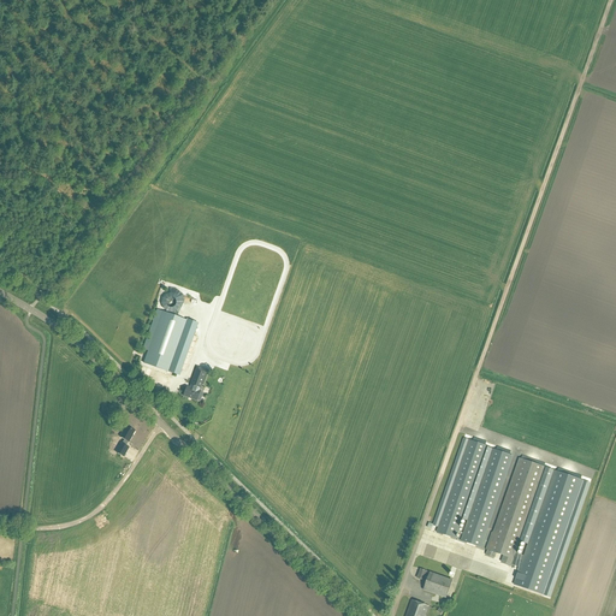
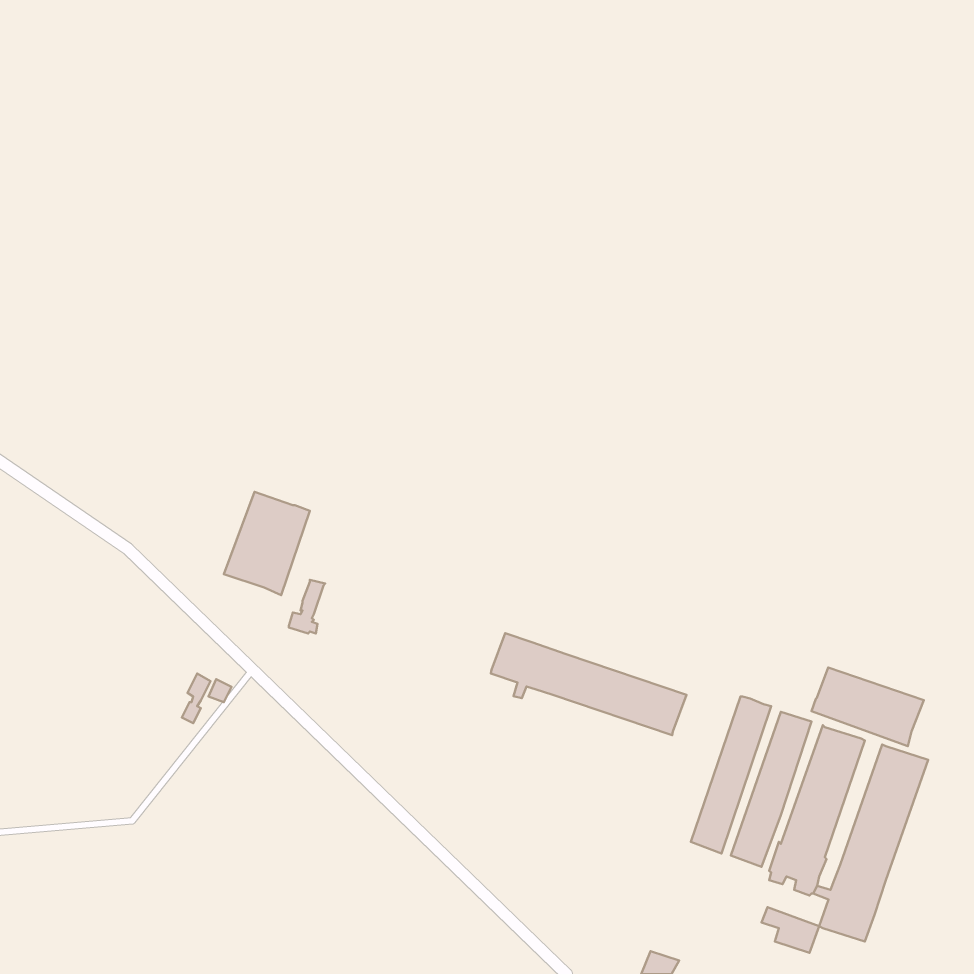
building: none -> [491,633,686,735]
building: none -> [812,668,924,746]
building: [414,567,450,596] -> [762,907,819,953]

